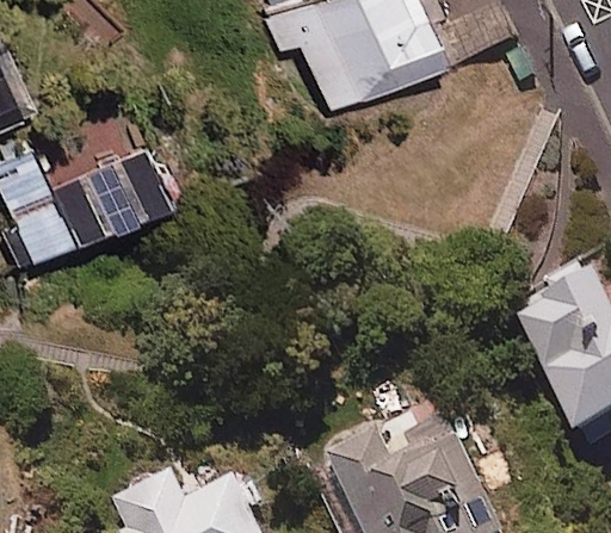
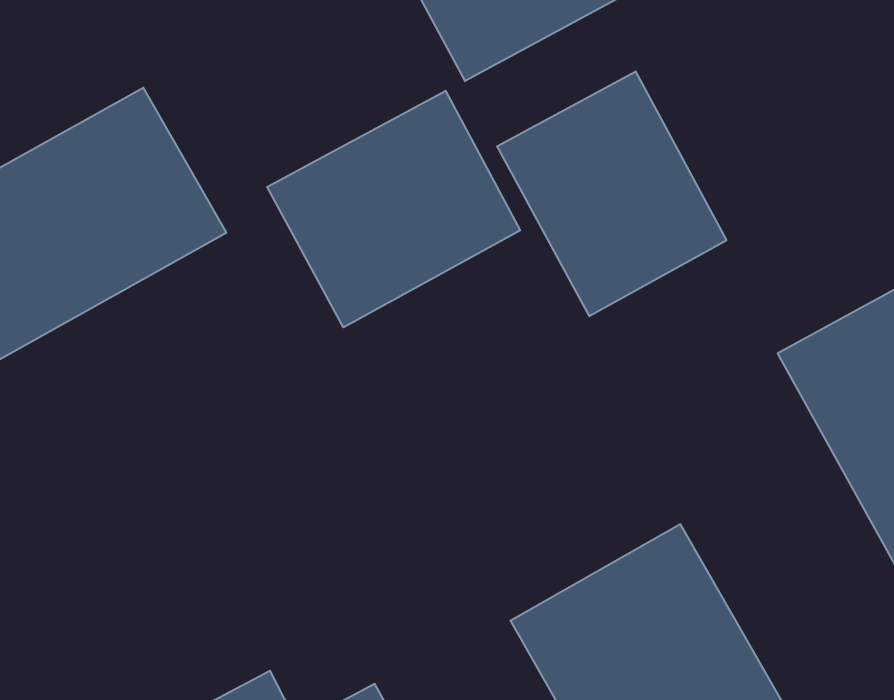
building: none -> [497,71,726,316]
building: none -> [267,91,520,327]

